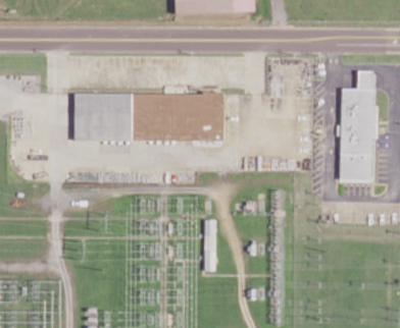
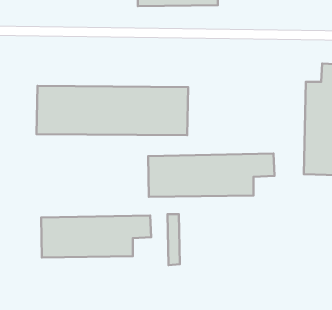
building: none -> [148,154,275,197]
building: none -> [41,215,151,257]

